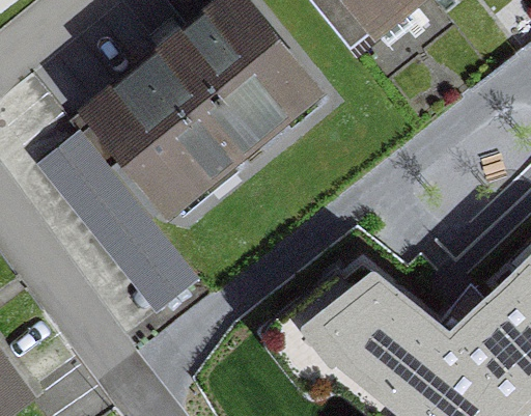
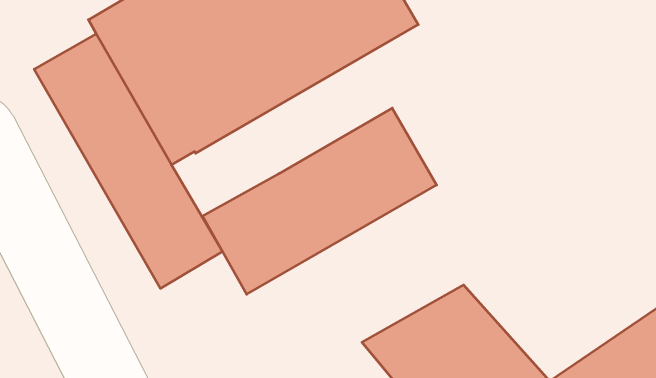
building: none -> [203,108,437,294]

